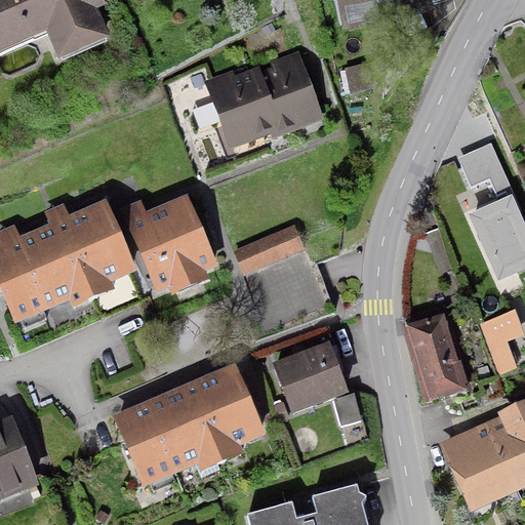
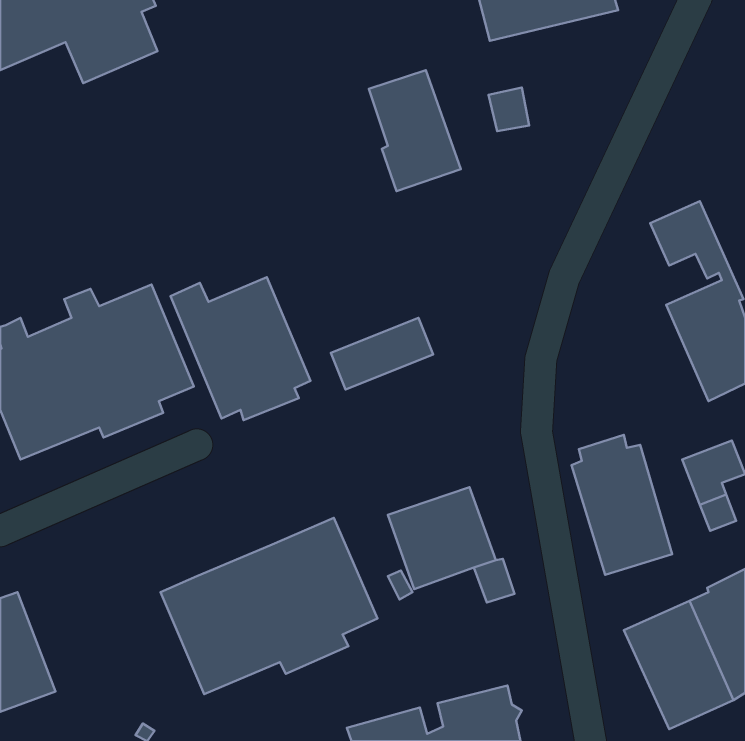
building: [204,63,279,149] -> none

